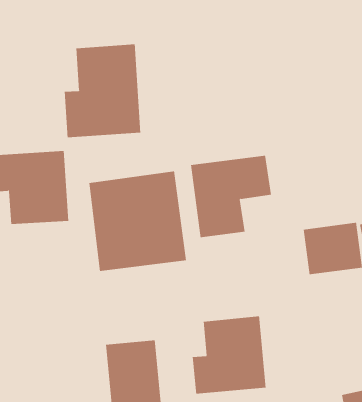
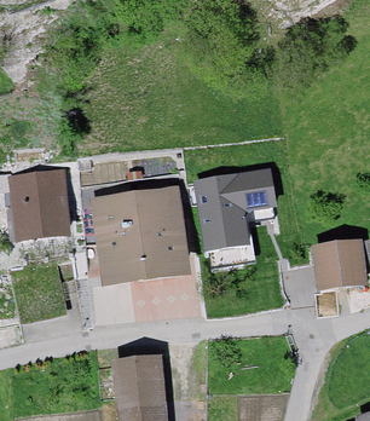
building: [64,44,141,138] -> none
building: [192,315,266,395] -> none

